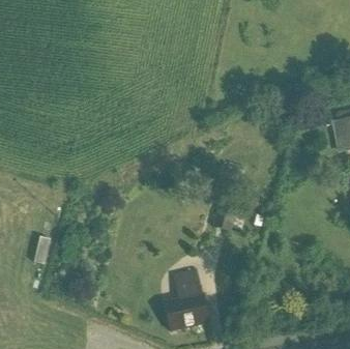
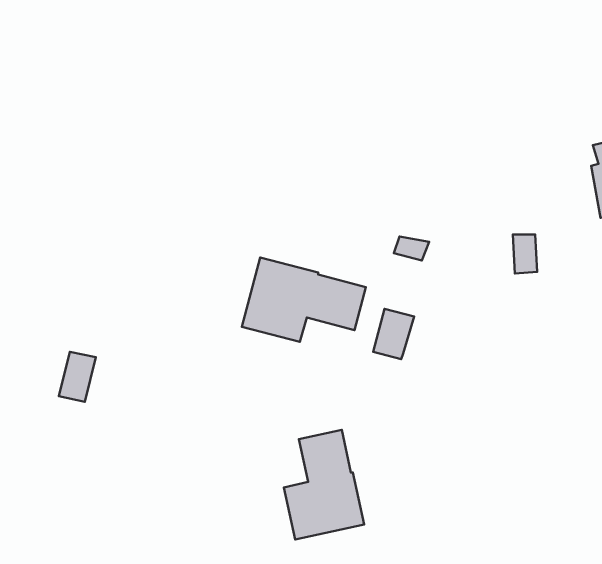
building: none -> [242,257,366,342]

